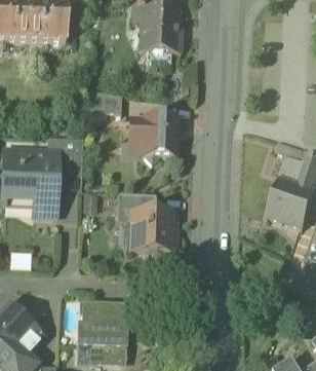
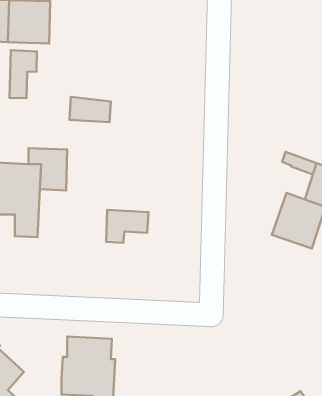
building: [141,6,181,52] -> none
building: none -> [10,50,37,98]
building: [127,117,177,162] -> none
building: [131,211,175,252] -> none

